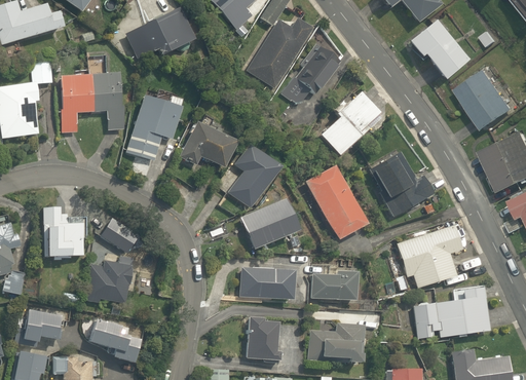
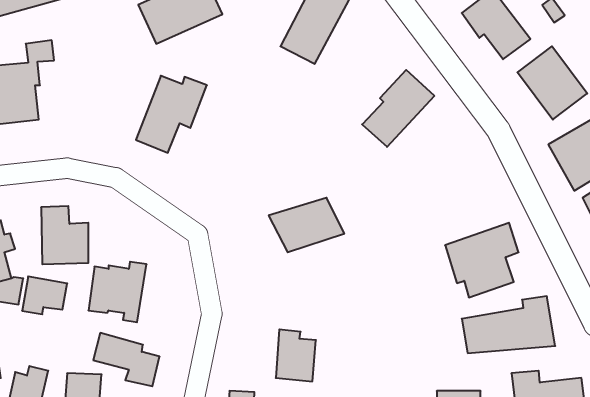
building: [281,47,339,106] -> none
building: [62,75,122,132] -> none
building: [179,120,240,168] -> none
building: [226,143,287,211] -> none
building: [370,152,438,218] -> none
building: [306,164,370,240] -> none
building: [101,218,136,251] -> none
building: [236,267,297,301] -> none
building: [310,272,359,300] -> none
building: [25,310,64,343] -> [22,276,67,314]
building: [306,322,365,362] -> none

